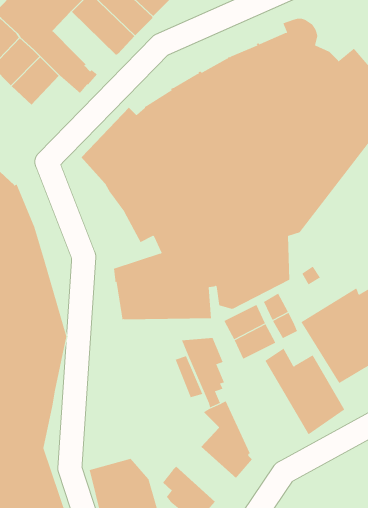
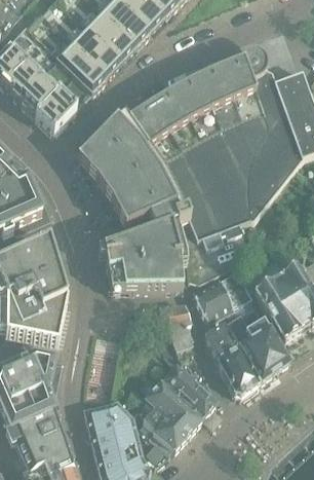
building: none -> [54,42,105,93]
building: none -> [37,94,76,130]
building: none -> [204,322,259,395]
building: none -> [144,363,201,435]

